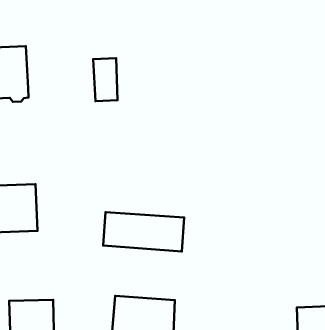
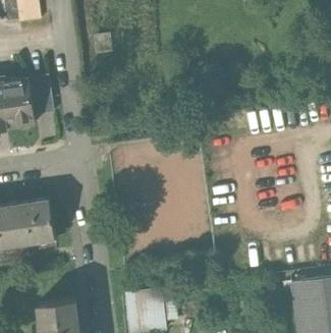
building: [93,58,118,101] -> [27,74,53,114]
building: [103,212,184,252] -> none

